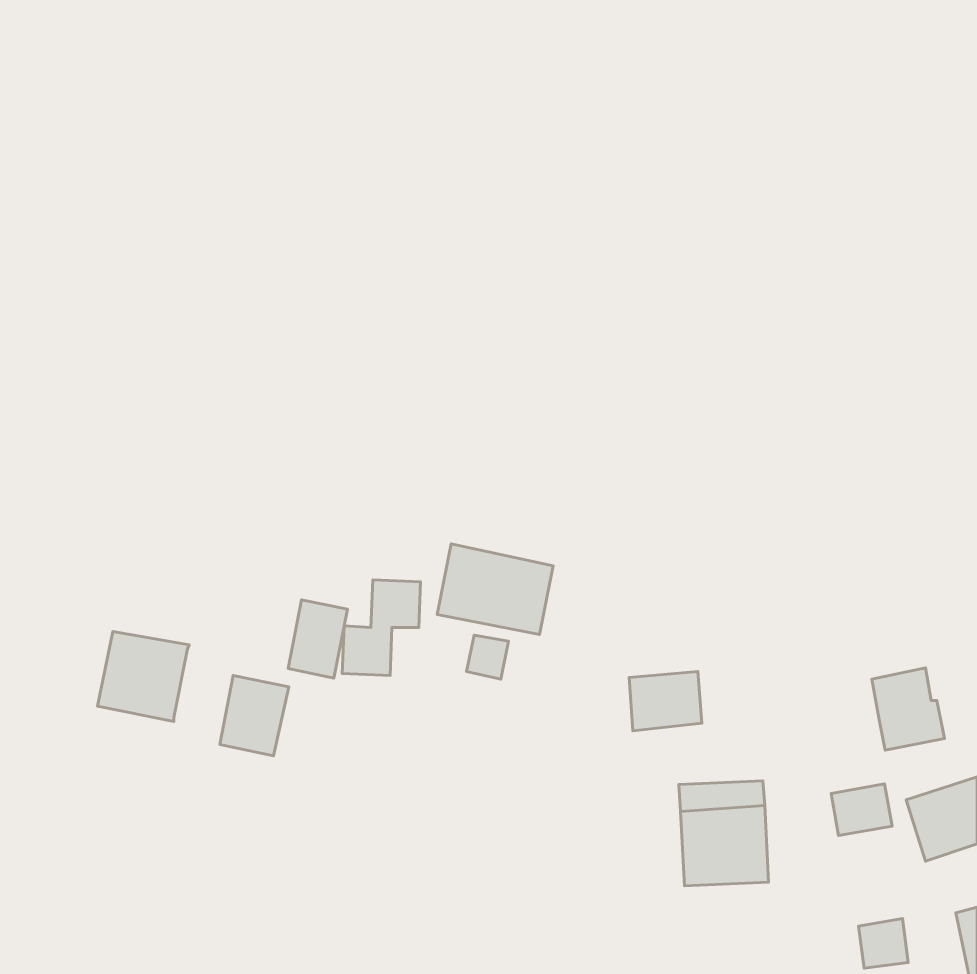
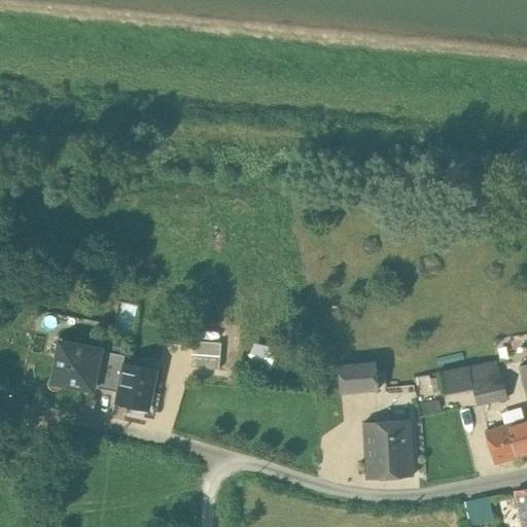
building: [437,544,553,634] -> none
building: [288,600,347,678] -> [94,351,126,393]
building: [831,784,892,836] -> [441,367,473,395]

